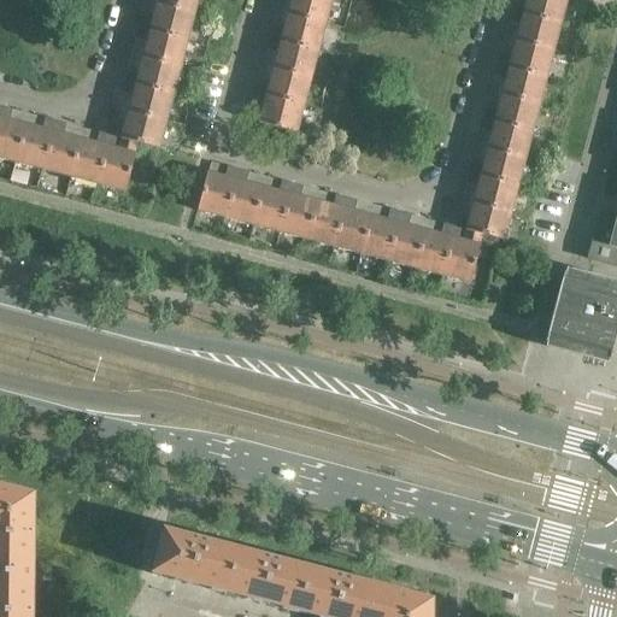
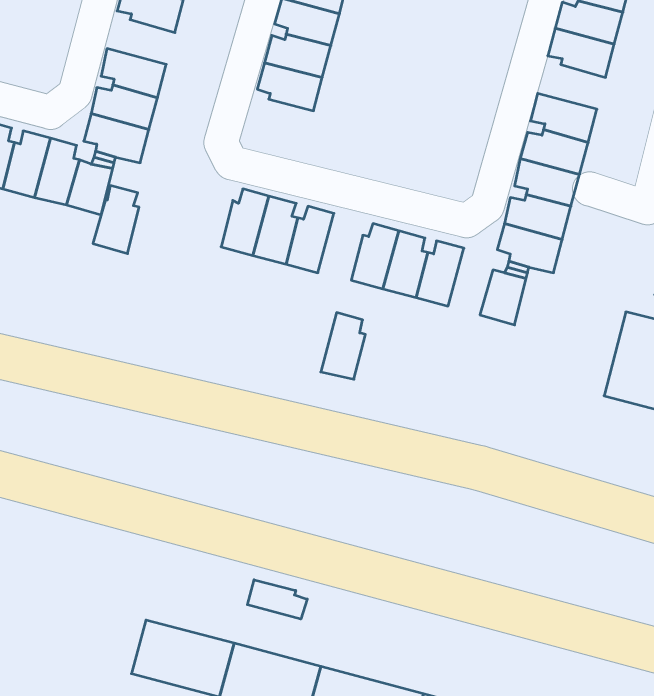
building: [131,28,188,65] -> none
building: [490,65,547,102] -> none
building: [248,94,304,131] -> none
building: [198,160,236,217] -> [93,186,139,254]
building: [307,189,345,245] -> [321,313,365,379]
building: [416,218,453,274] -> none
building: none -> [247,580,307,619]

